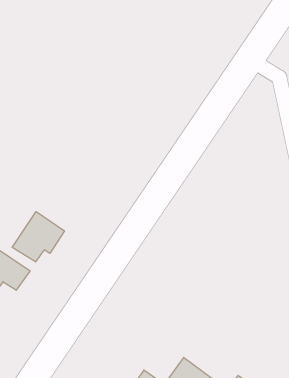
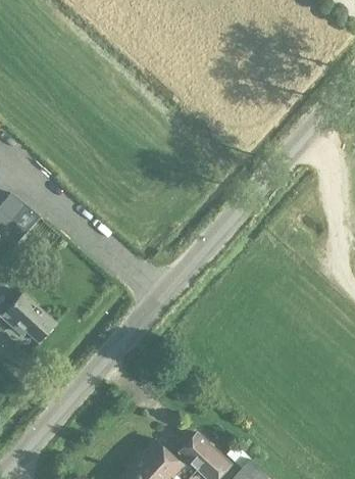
building: [12,212,64,262] -> none

